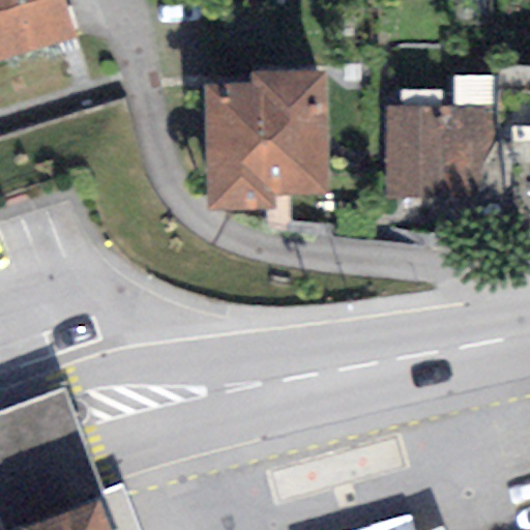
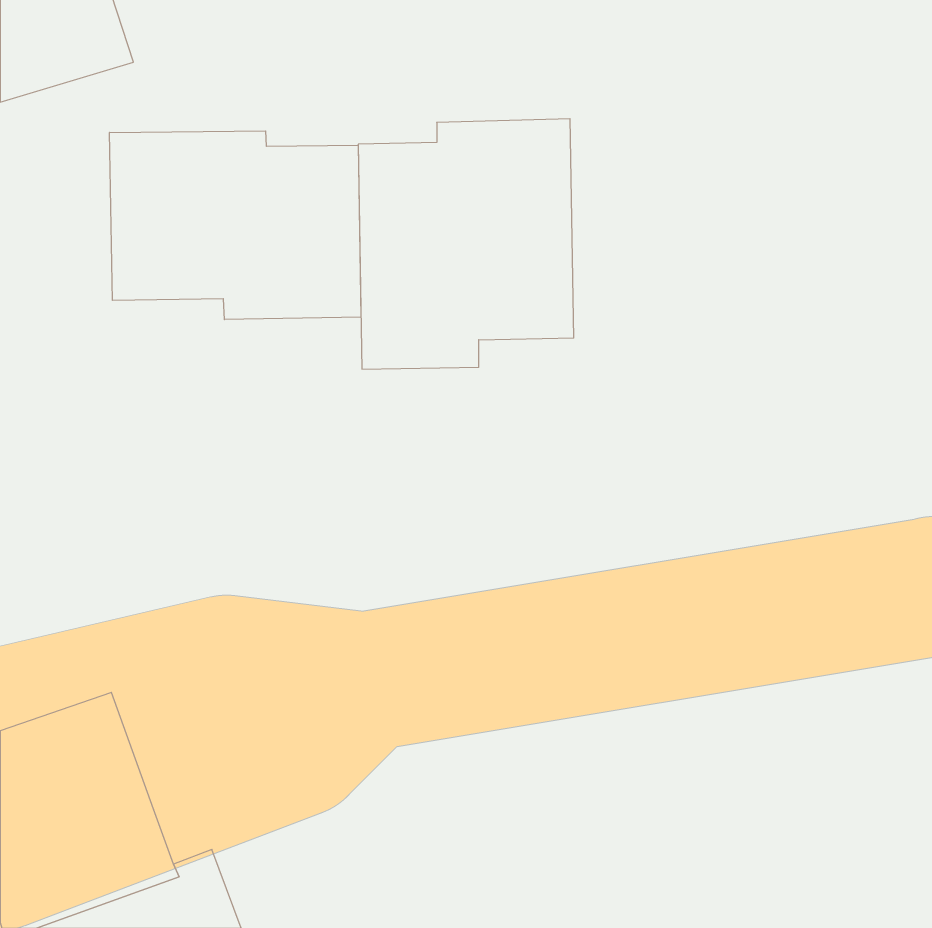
building: none -> [110,131,361,320]
building: [384,102,497,197] -> none

